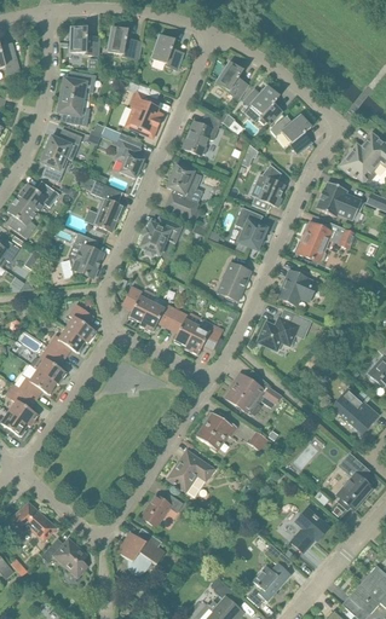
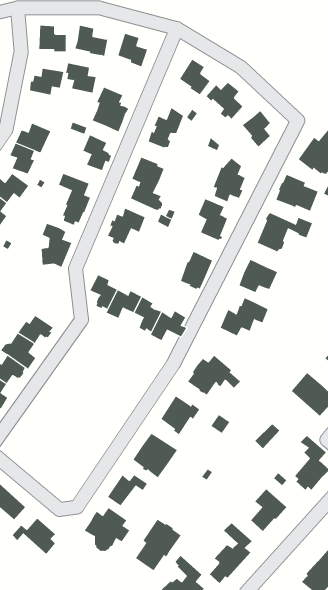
building: [57,94,90,126] -> [65,63,97,93]
building: [65,303,96,342] -> none
building: none -> [135,519,181,571]

